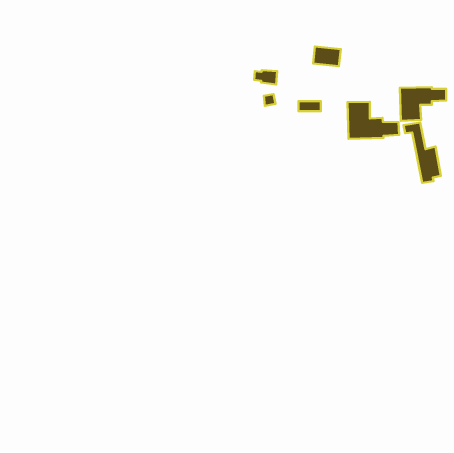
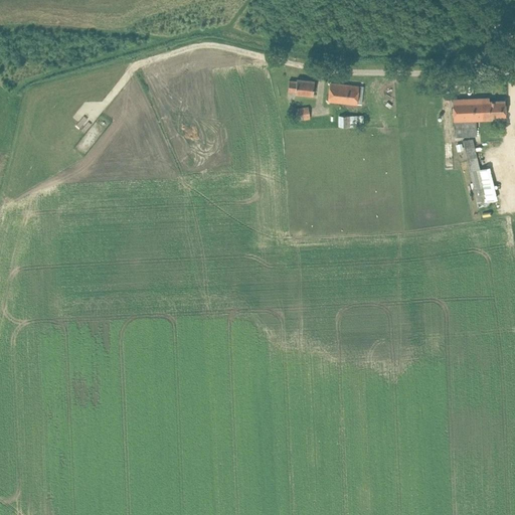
building: [313,47,341,66] -> [328,83,359,106]
building: [347,102,399,139] -> none

